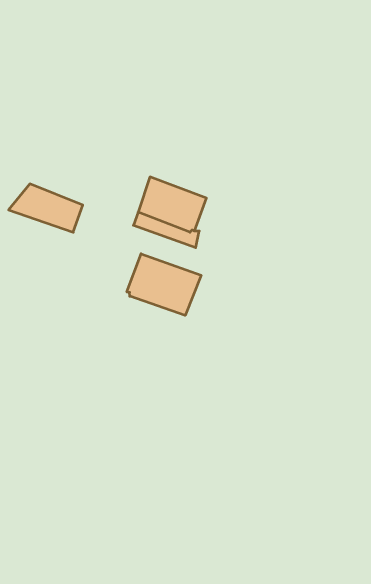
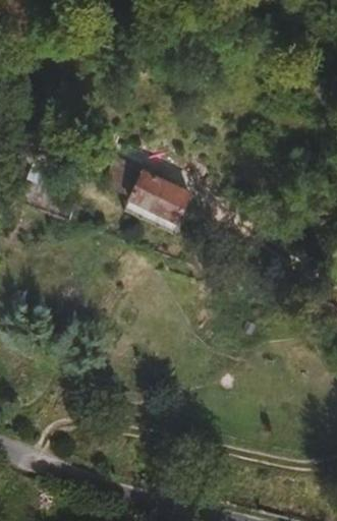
building: [127,254,201,315] -> none

